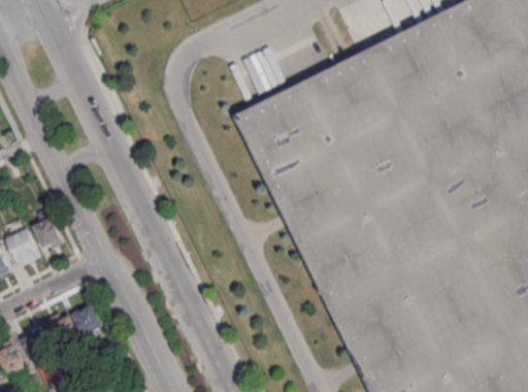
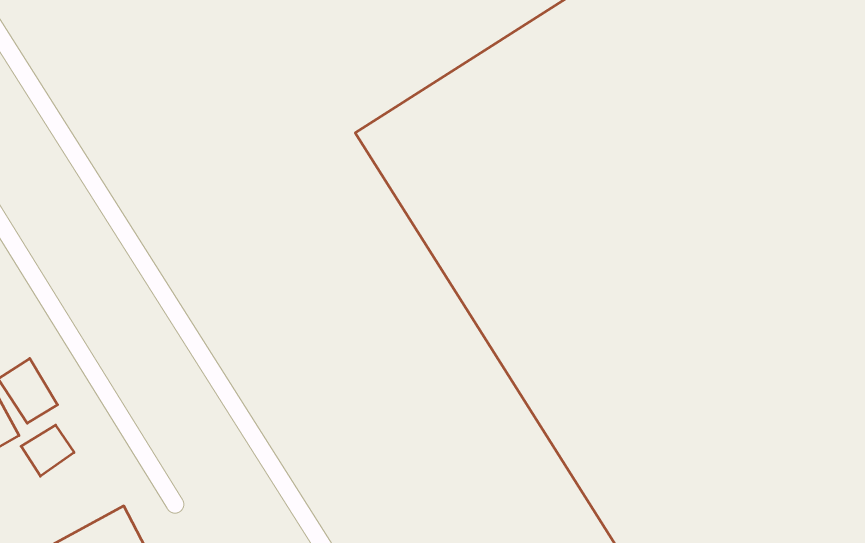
building: none -> [21,425,74,476]

